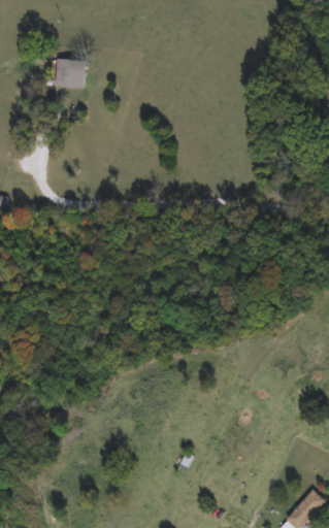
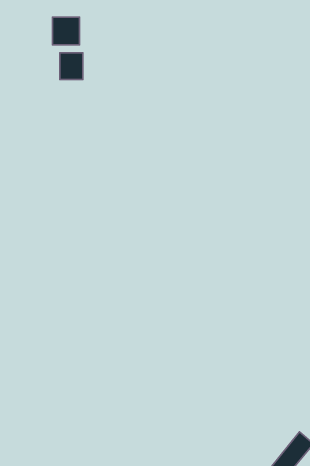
building: none -> [60,53,83,80]

